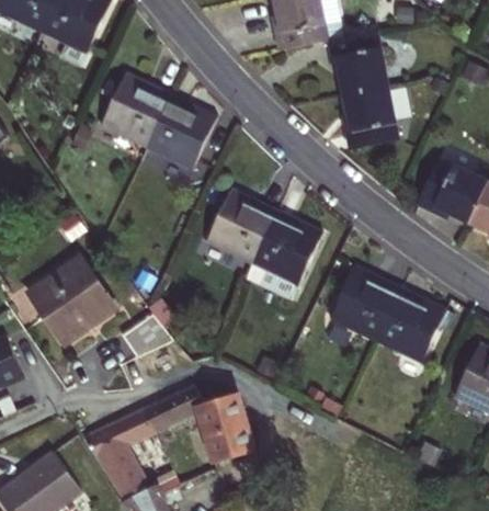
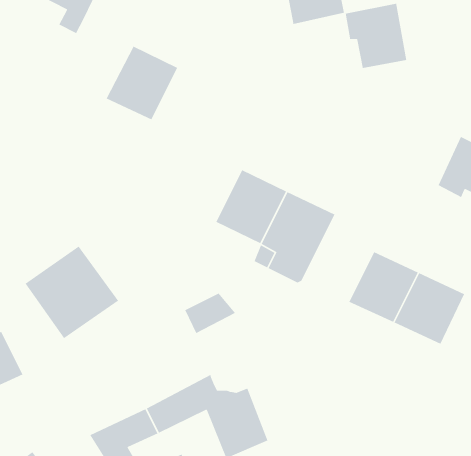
building: [343,86,398,150] -> none
building: [146,92,216,164] -> none
building: [115,321,164,361] -> [184,292,236,334]

